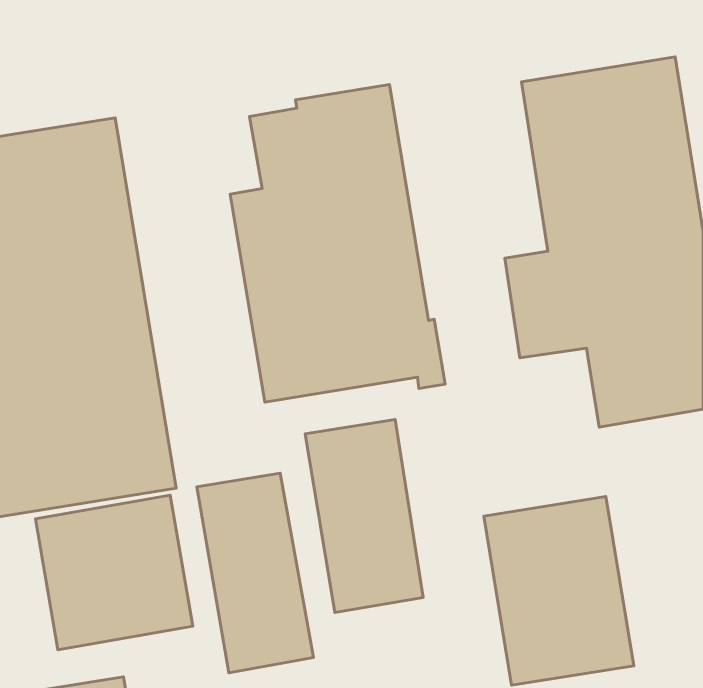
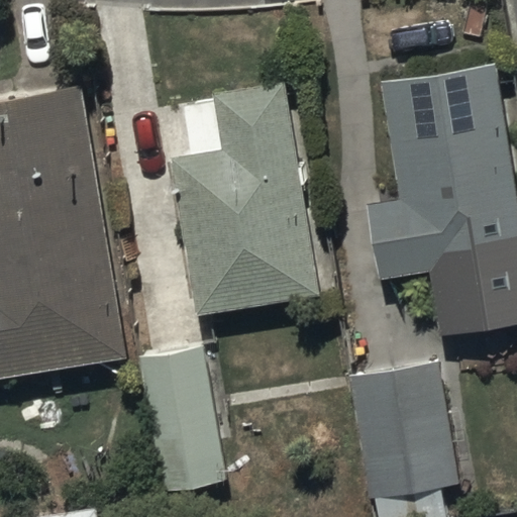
building: [305,420,423,613] -> none
building: [35,495,193,650] -> none

